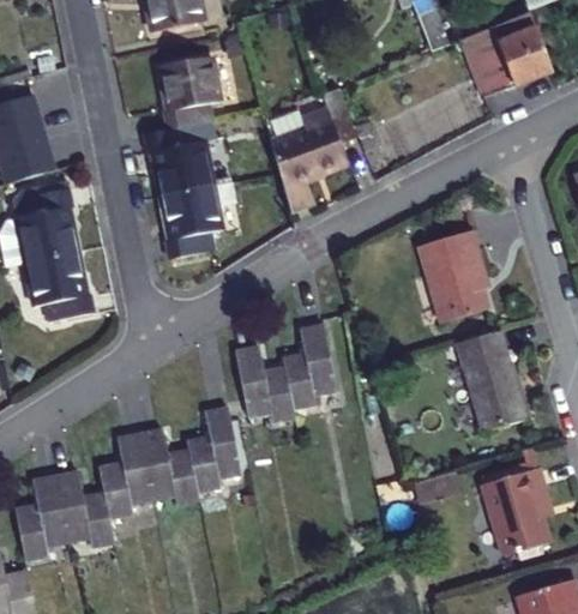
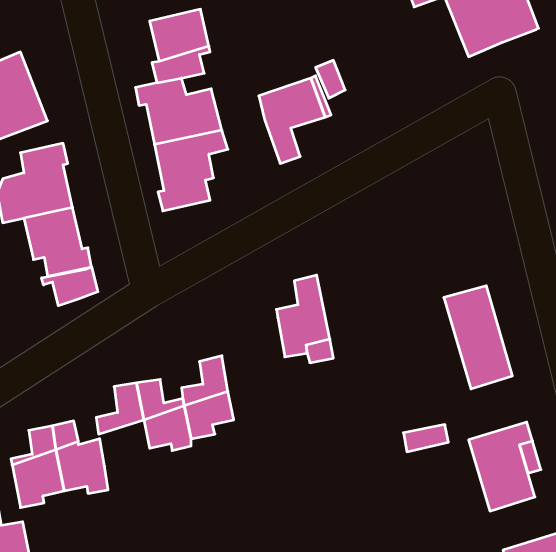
building: [419,231,487,324] -> none
building: none -> [42,267,98,306]
building: [239,343,296,417] -> none
building: [107,468,158,514] -> none

